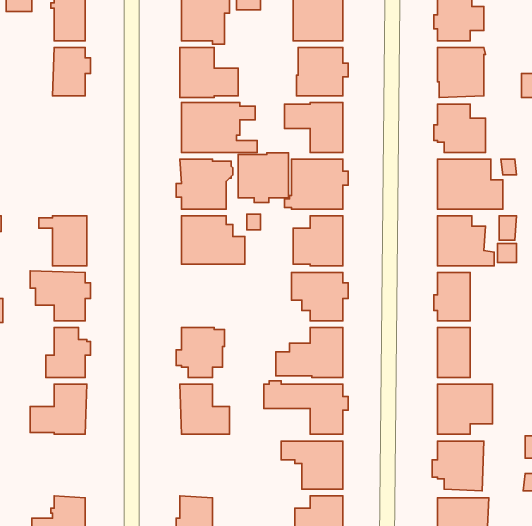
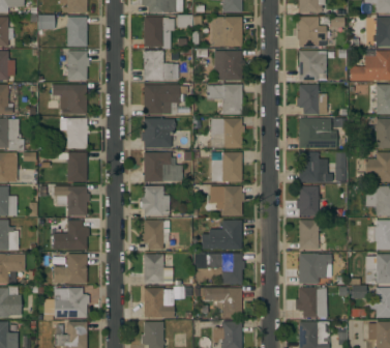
building: none -> [52,85,87,114]
building: [238,153,288,203] -> none
building: none -> [60,118,89,148]
building: none -> [140,186,170,215]
building: none -> [43,288,89,317]
building: none -> [143,288,174,317]

